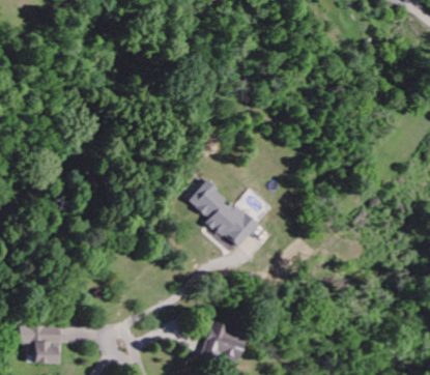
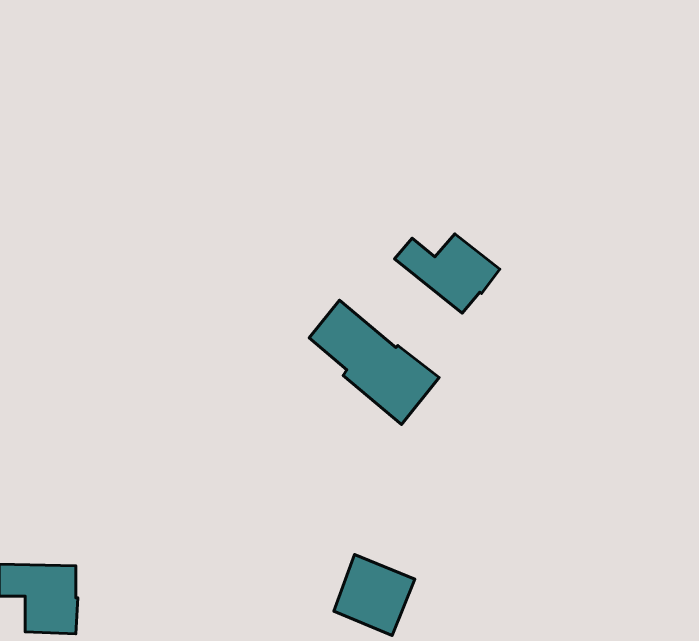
building: none -> [394,234,500,313]

